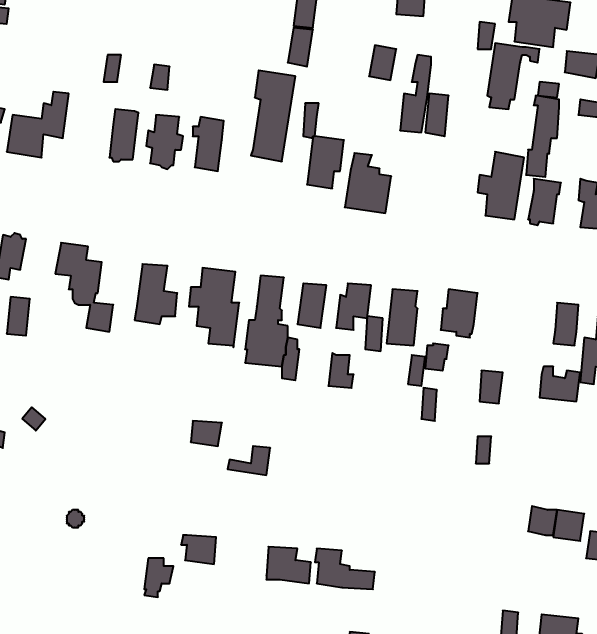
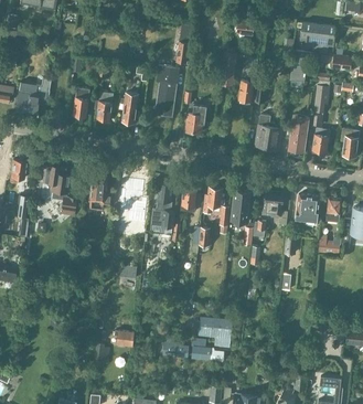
building: [345,153,391,213] -> [256,115,282,149]
building: none -> [296,195,320,223]
building: none -> [200,318,233,339]

